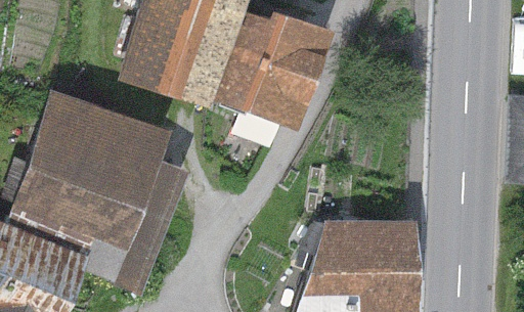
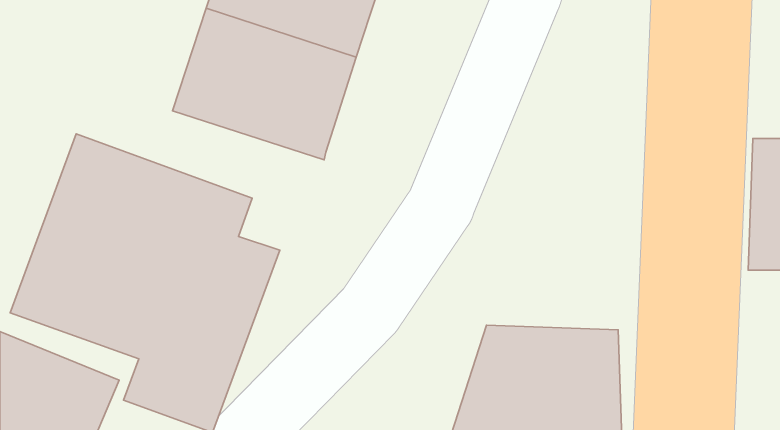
building: [219,11,331,129] -> none

